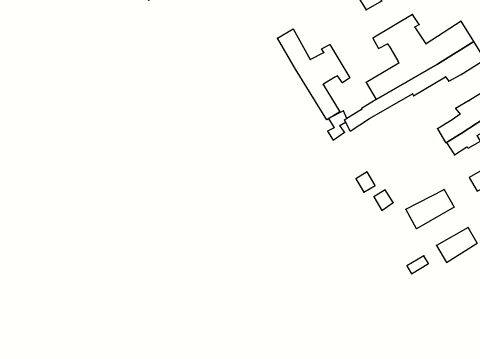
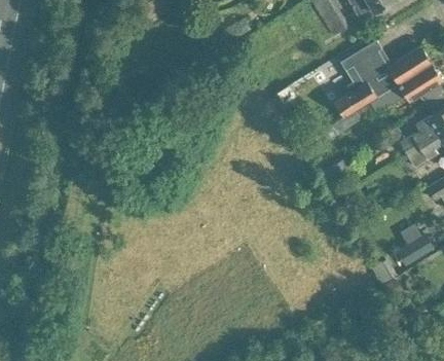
building: [277,29,350,120] -> none
building: [406,189,454,229] -> none

